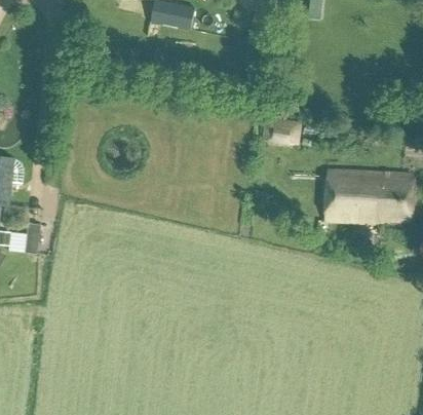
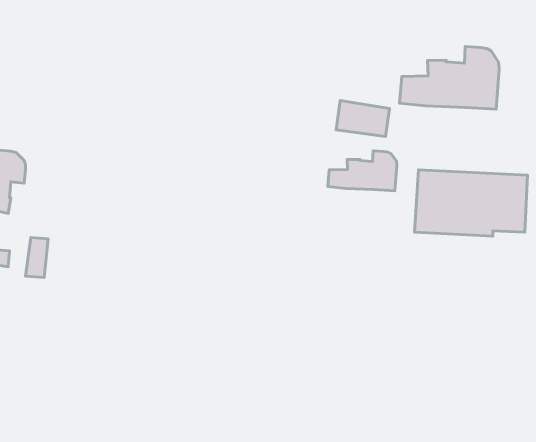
building: none -> [399,47,499,109]
building: none -> [328,151,397,191]

